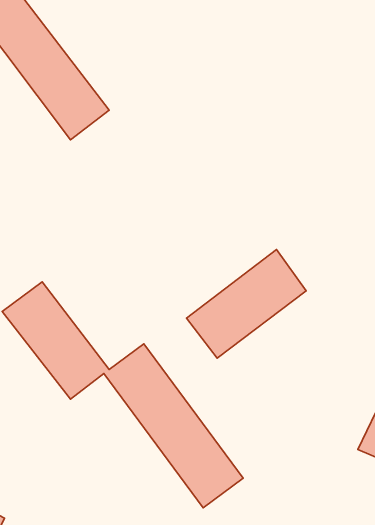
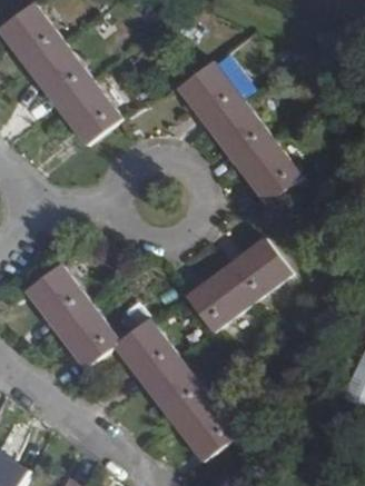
building: none -> [178,62,299,204]

